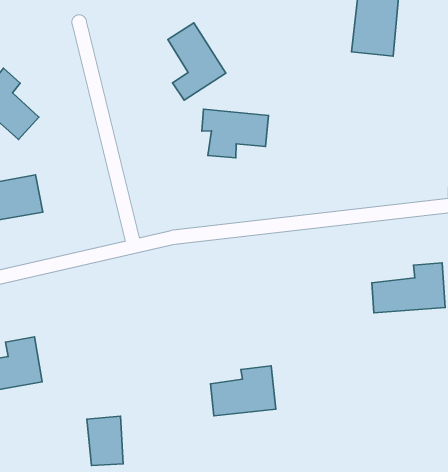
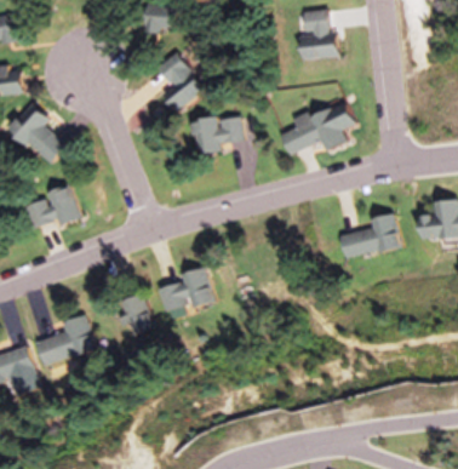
building: none -> [280,102,351,155]
building: [210,366,276,416] -> [161,267,214,311]
building: [87,416,123,465] -> [121,293,154,334]

